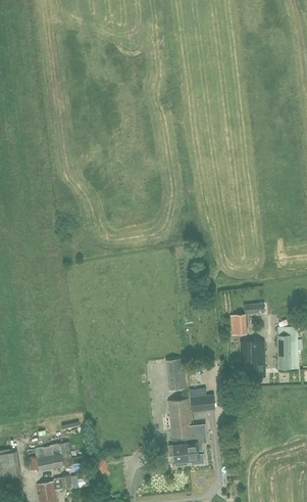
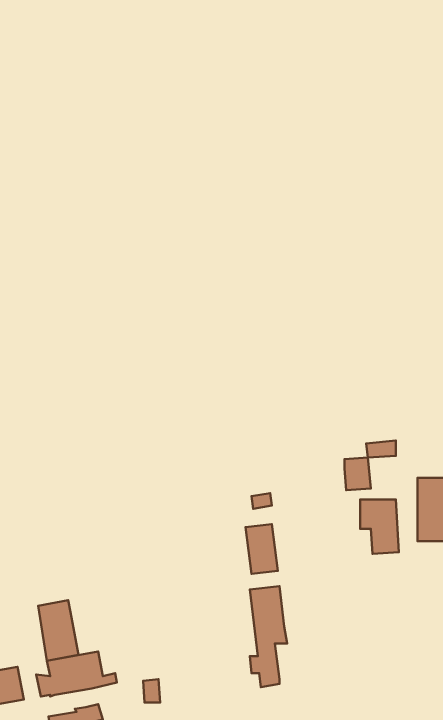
building: [190,395,215,412] -> none
building: none -> [38,600,78,661]
building: [185,423,207,464] -> none

